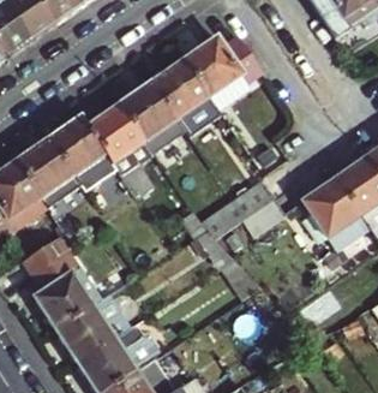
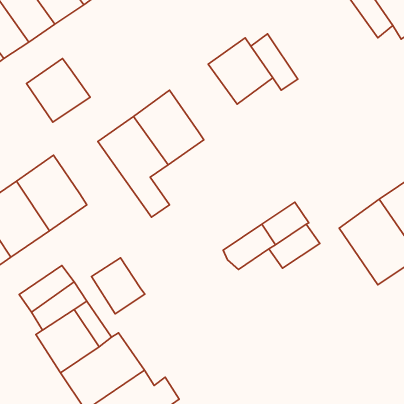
building: [152,60,211,119] -> none
building: [52,118,107,173] -> [27,59,90,122]
building: none -> [91,258,145,314]

